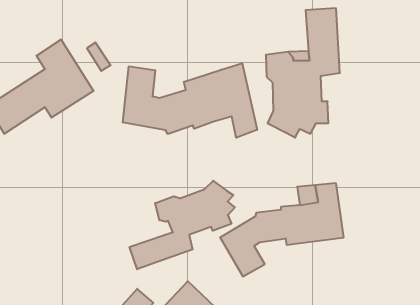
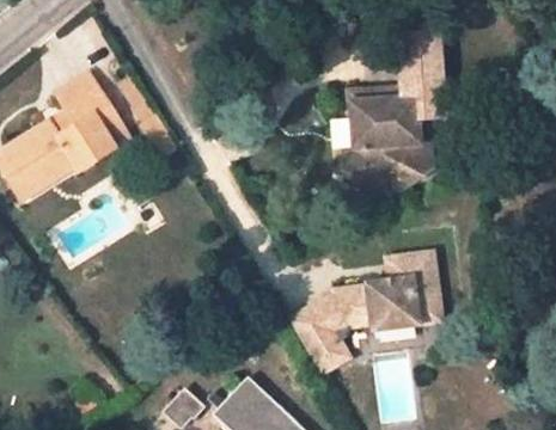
building: [123,63,257,138] -> none
building: [130,181,235,269] -> none

